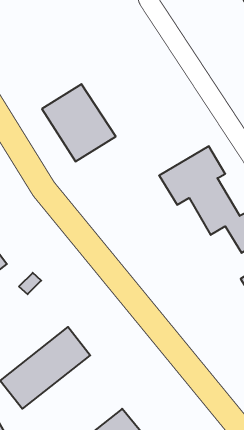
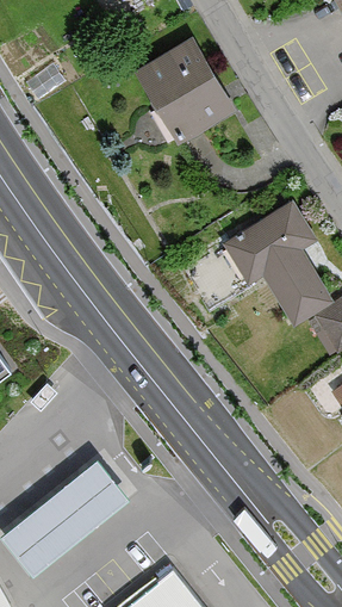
building: [42,84,116,161] -> [136,42,238,149]

